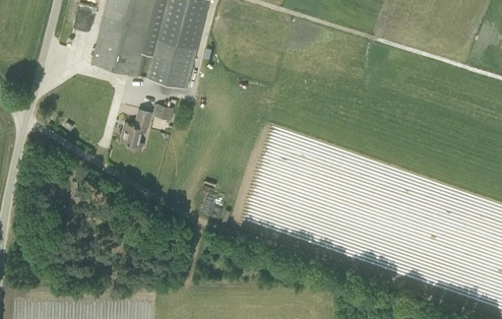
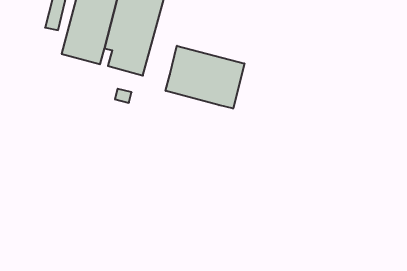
building: none -> [166,46,244,109]
building: [120,110,150,152] -> none

